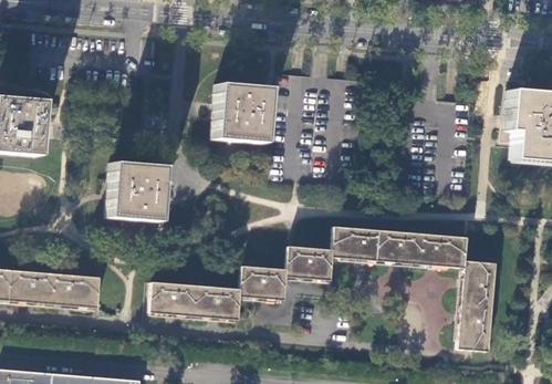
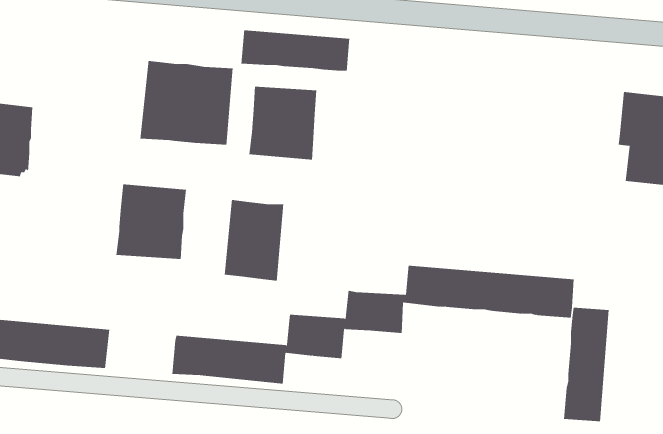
building: none -> [241,30,350,71]
building: none -> [140,60,233,145]
building: none -> [224,199,284,281]

